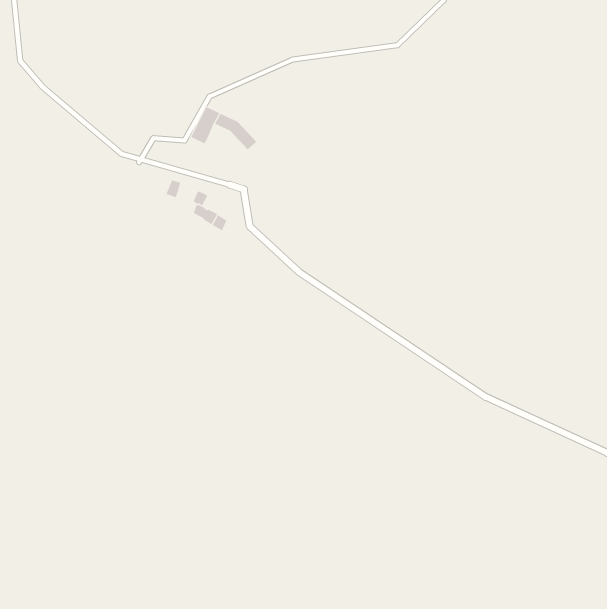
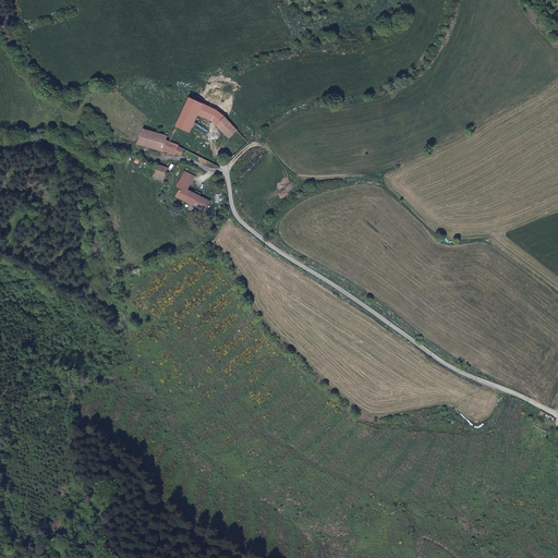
building: none -> [137,128,183,154]

